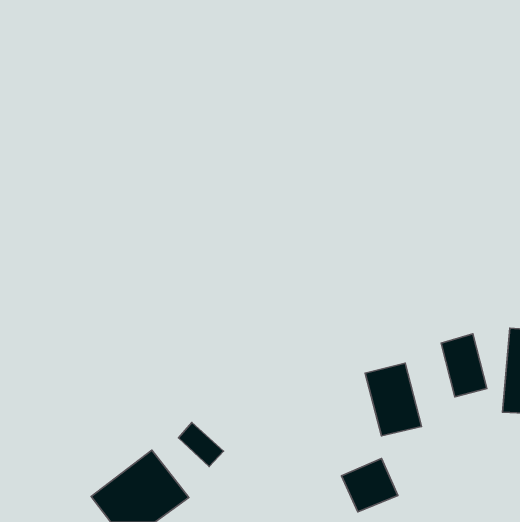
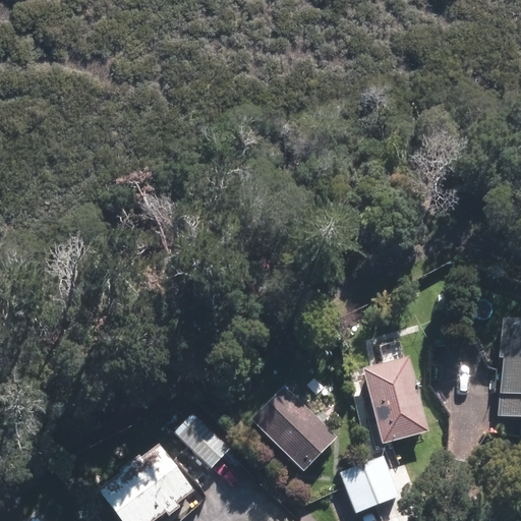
building: [441,334,487,397] -> none
building: none -> [252,393,332,471]

